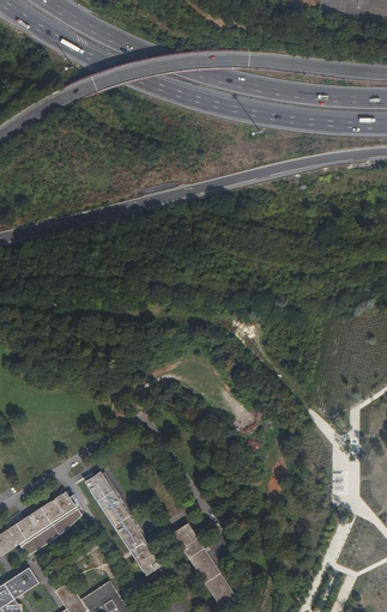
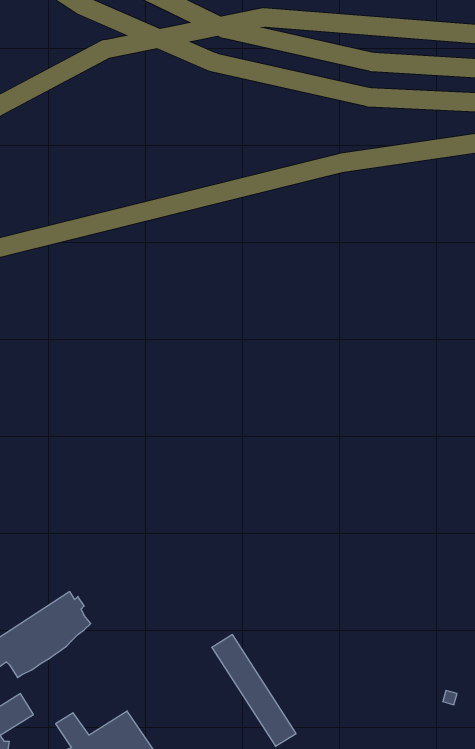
building: [85,471,162,575] -> none

